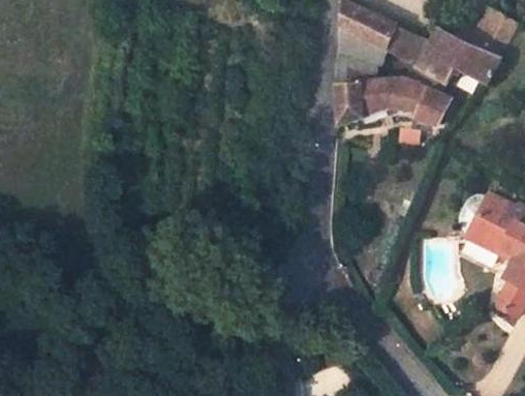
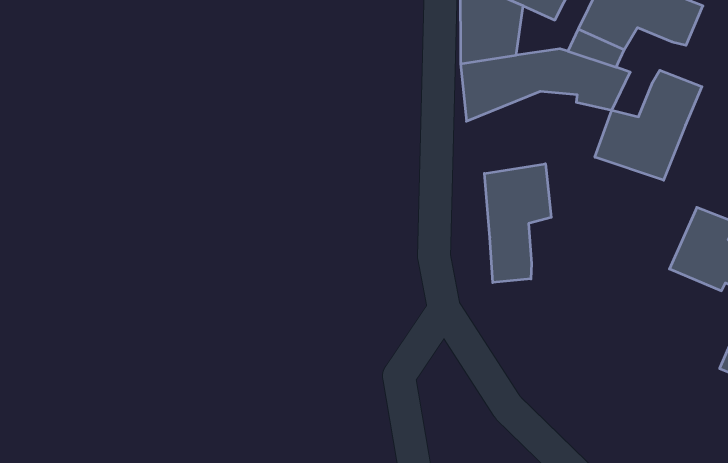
building: none -> [595,70,702,180]
building: none -> [484,164,551,283]

